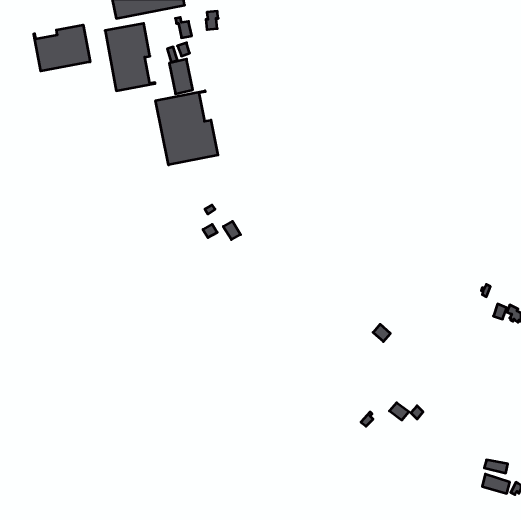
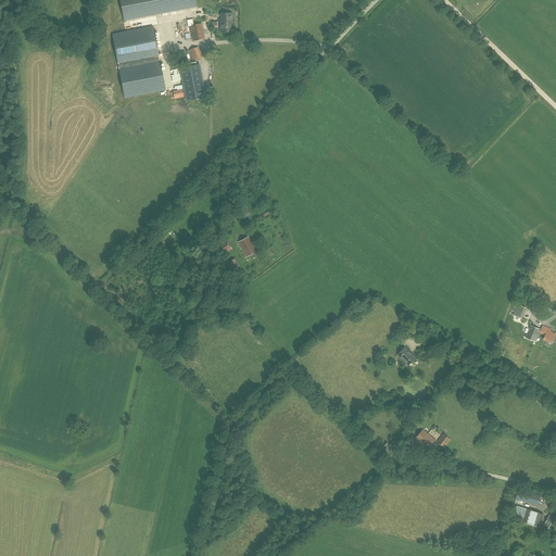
building: [34,25,90,71] -> none
building: [156,91,218,165] -> none

